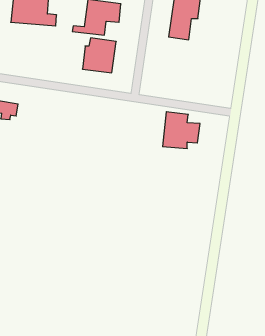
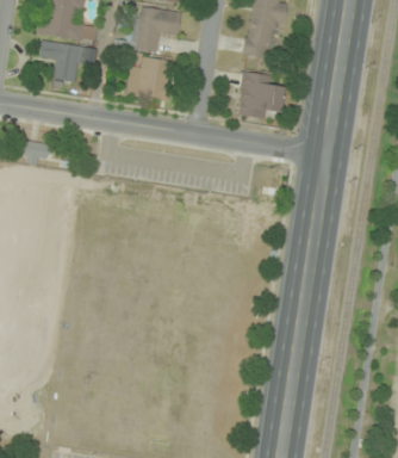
building: none -> [39,41,86,82]
building: [163,112,200,148] -> [236,72,285,119]

